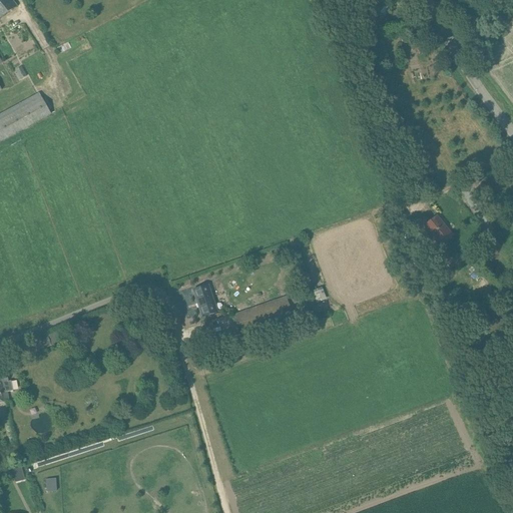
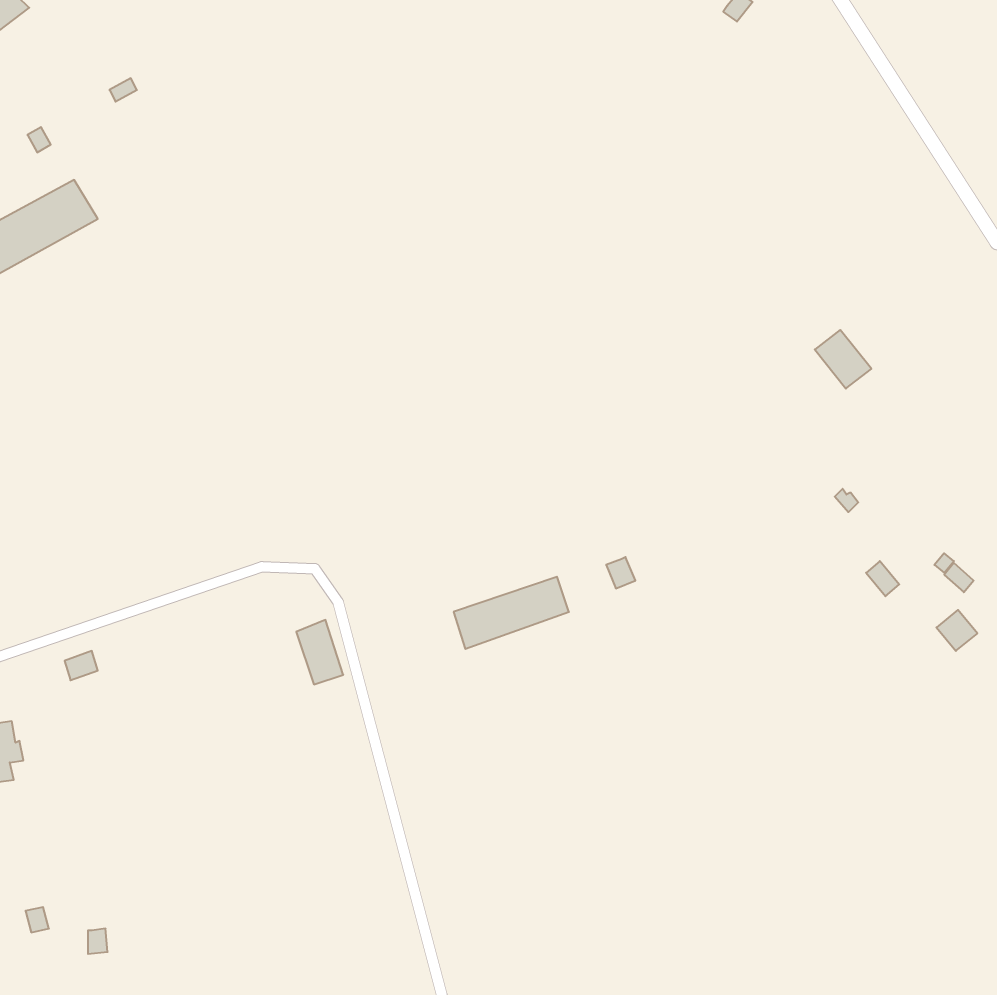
building: [423,214,452,244] -> [815,330,871,389]
building: [192,283,216,316] -> [296,620,343,684]

